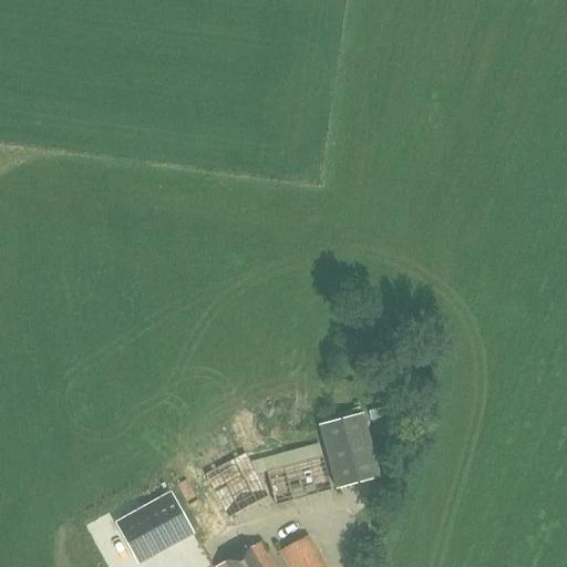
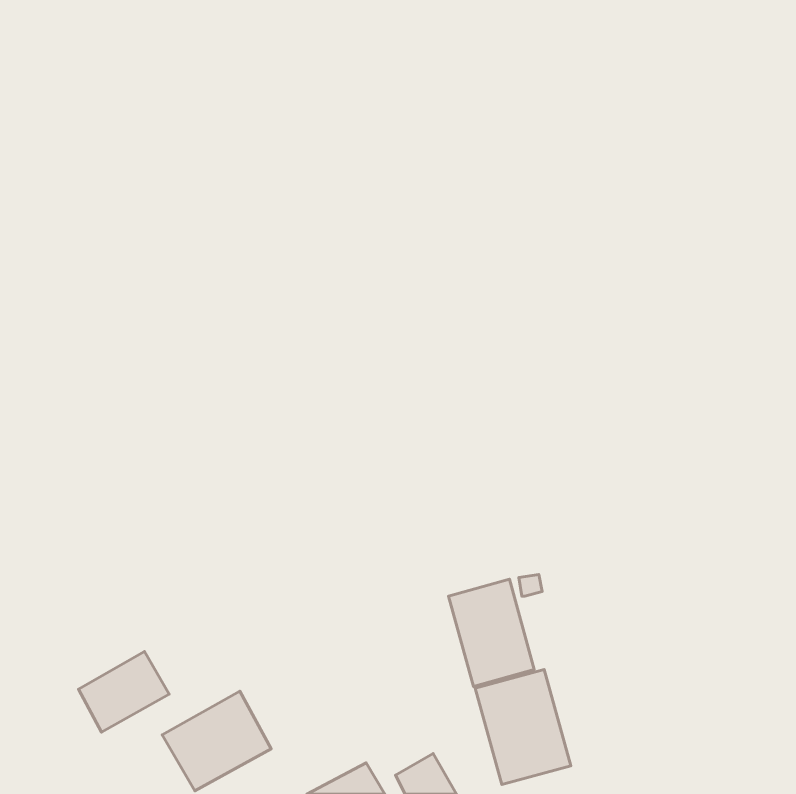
building: none -> [79,652,169,732]
building: none -> [475,669,571,785]

